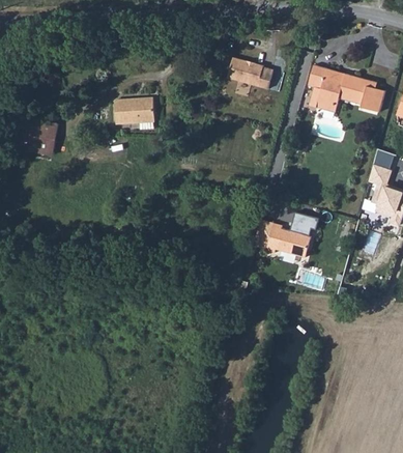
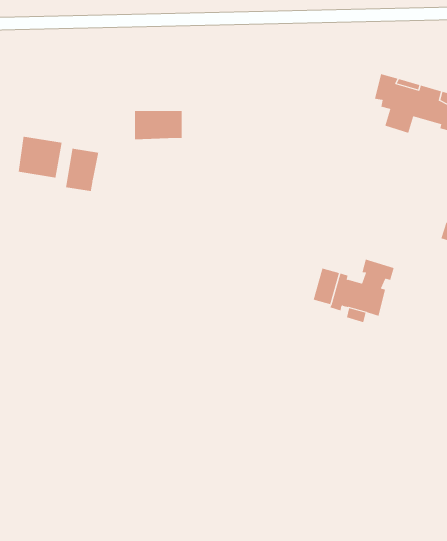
building: [224,55,270,87] -> none
building: none -> [66,148,99,192]

